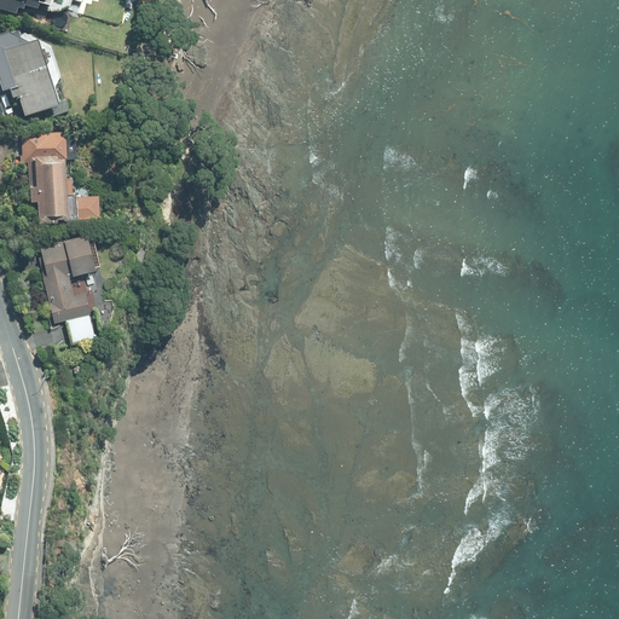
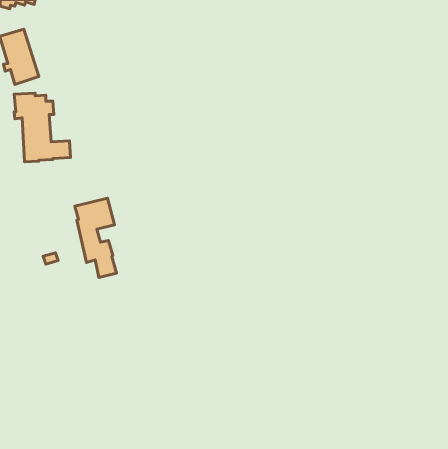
building: [40,235,97,343] -> [75,198,116,278]

